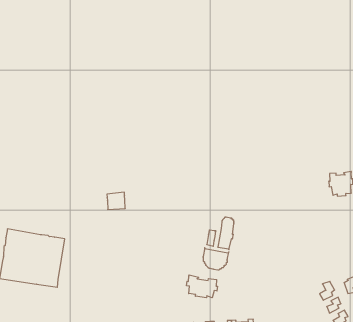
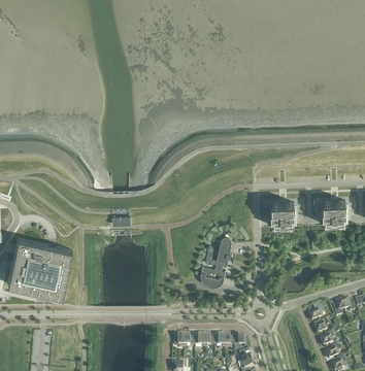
building: none -> [271,201,294,224]
building: [187,275,217,298] -> none

